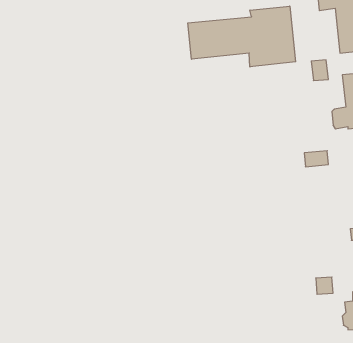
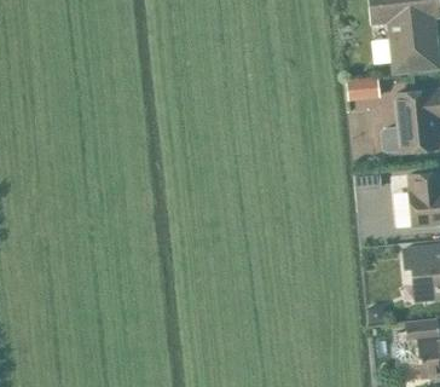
building: [188,6,296,67] -> none

